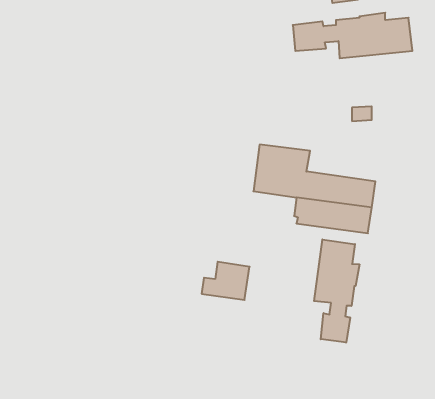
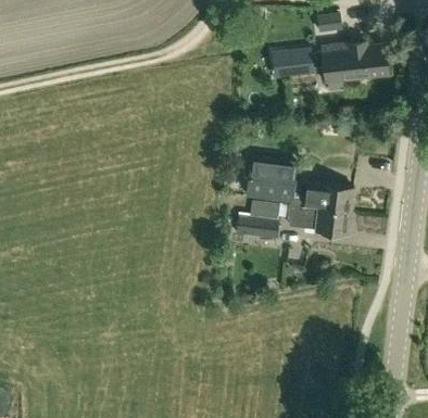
building: [314,239,359,343] -> none
building: [202,262,250,300] -> [236,205,278,239]

